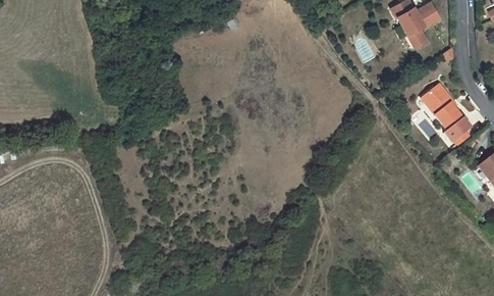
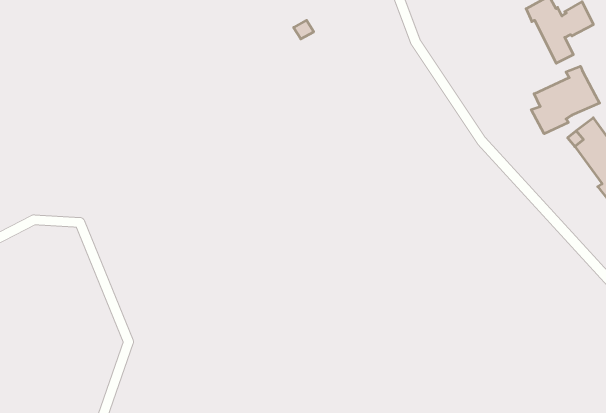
building: none -> [531,66,600,134]

